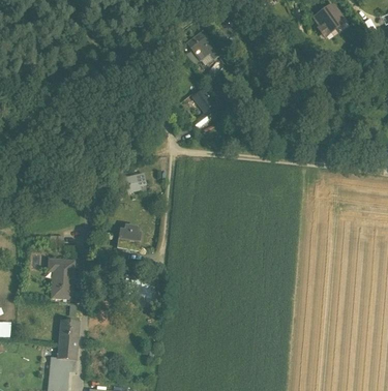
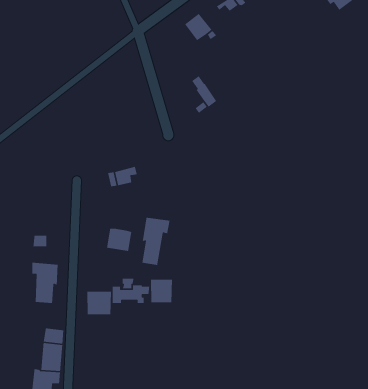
building: none -> [142,217,171,266]
building: none -> [150,279,173,303]
building: none -> [86,291,112,315]

